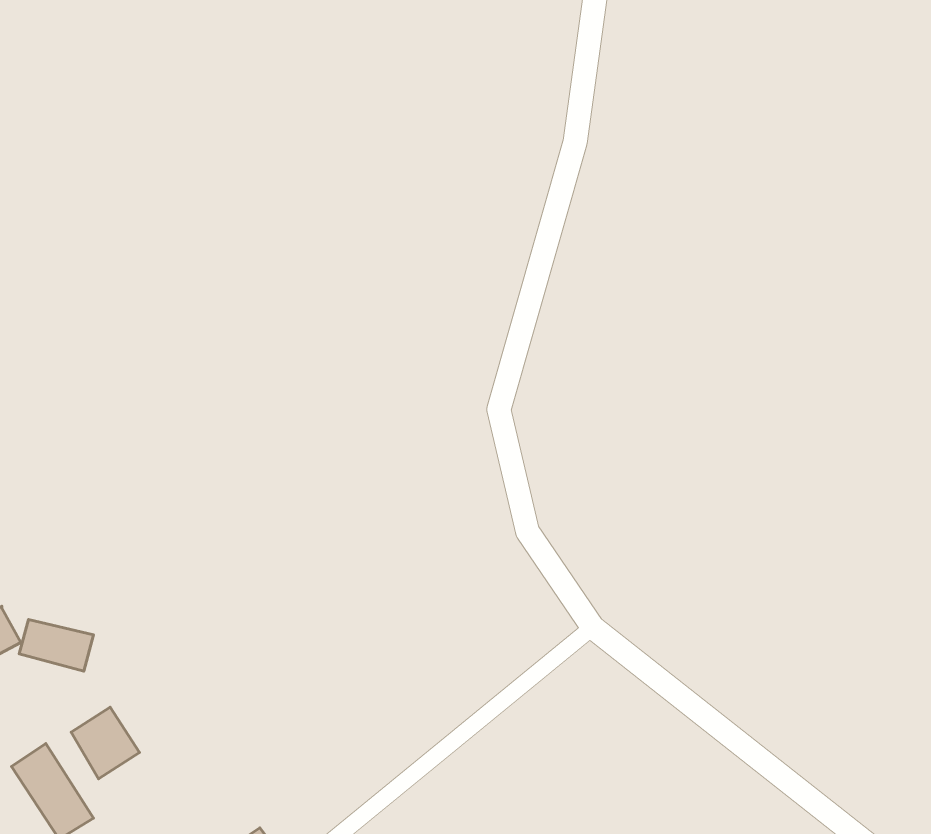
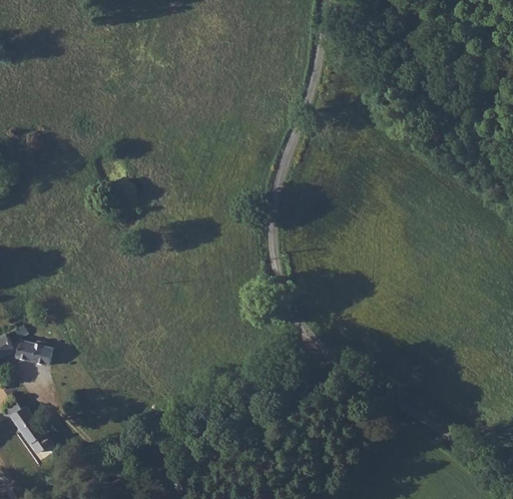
building: [71,707,139,779] -> none

